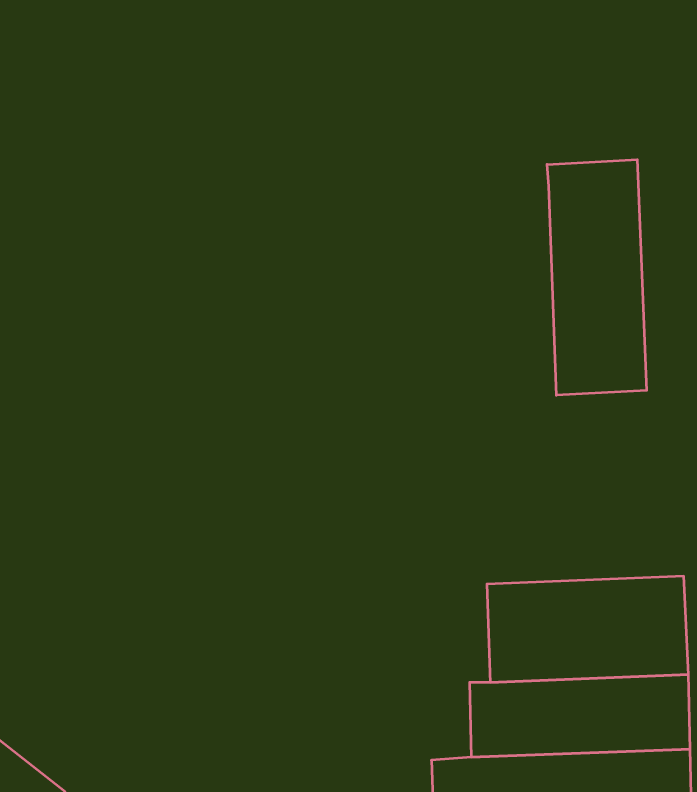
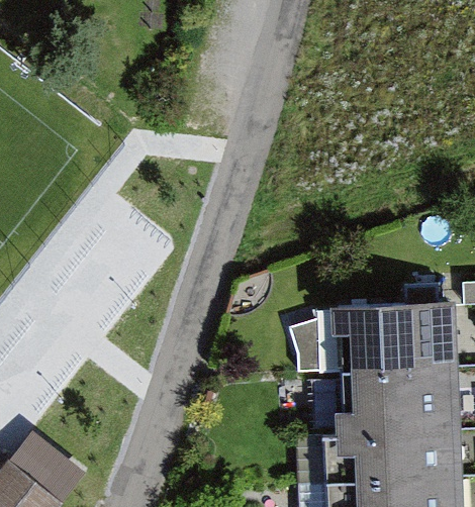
building: [547,160,647,395] -> none
building: none -> [289,305,459,374]

